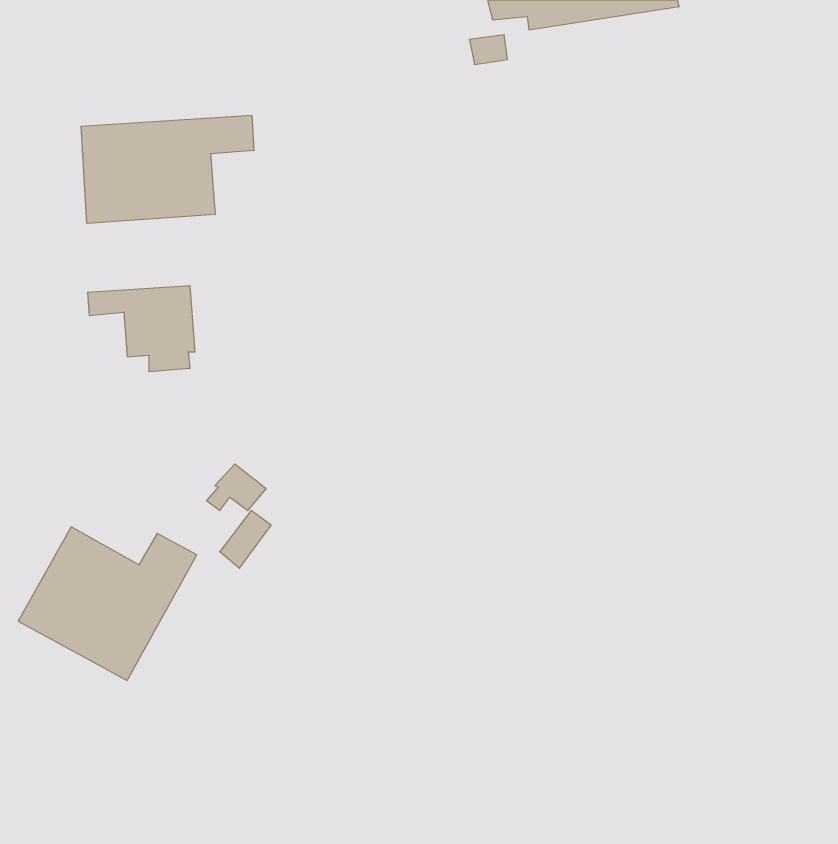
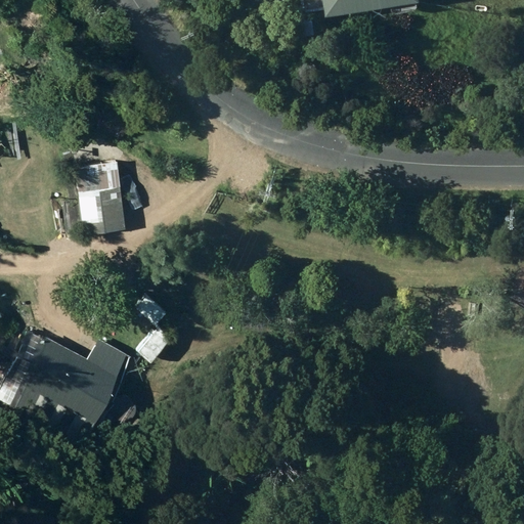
building: [81,115,254,223] -> none

